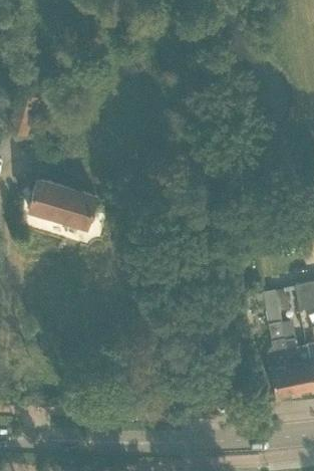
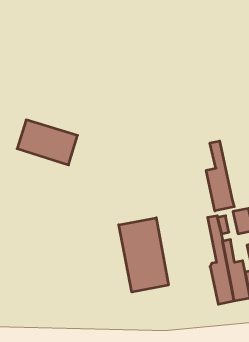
building: none -> [206,141,234,211]
building: none -> [119,218,168,292]

